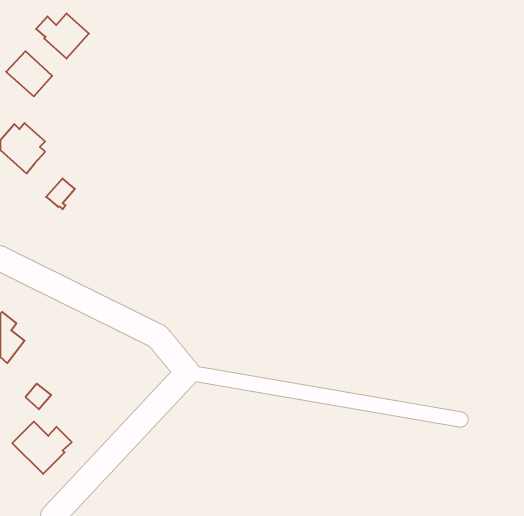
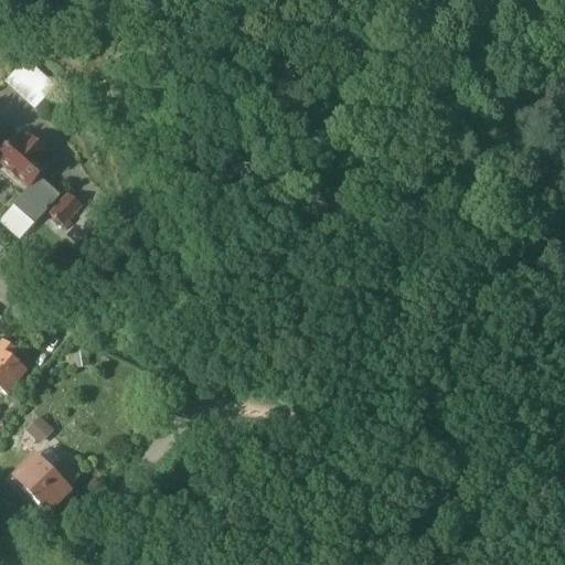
building: [36,13,89,59] -> none
building: none -> [13,175,58,222]

